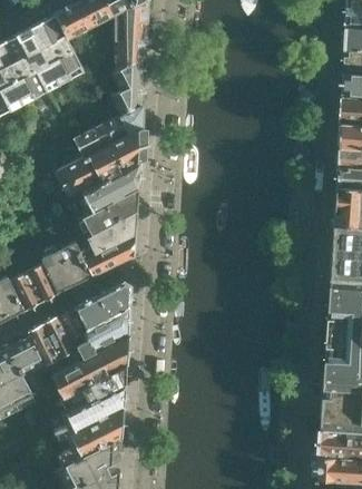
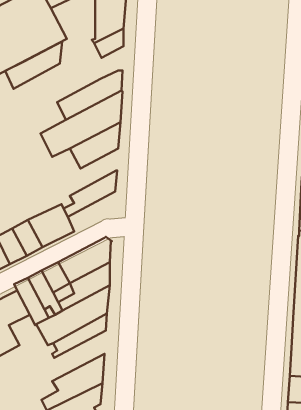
building: [110,80,144,115] -> none
building: [78,188,138,238] -> [5,41,62,89]
building: [85,234,135,280] -> none
building: [55,381,125,439] -> none

